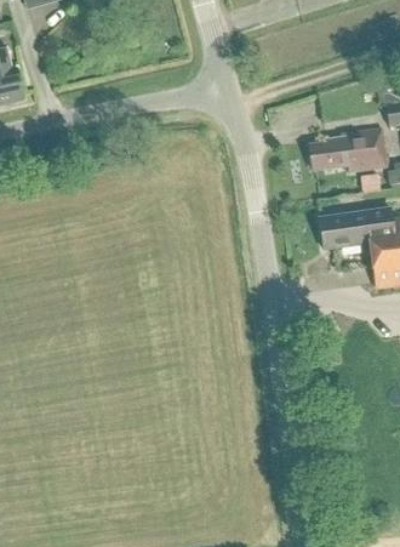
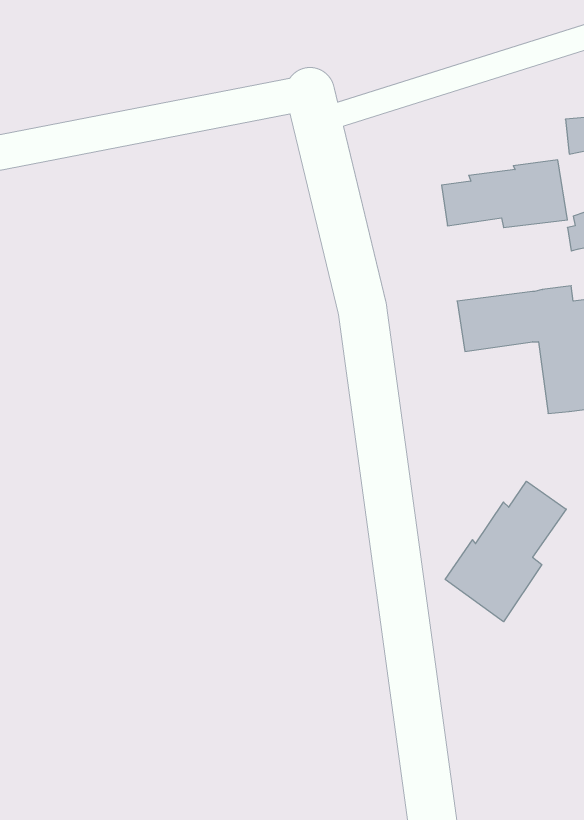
building: none -> [445,481,566,622]

